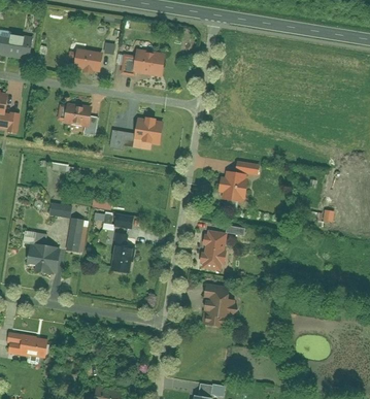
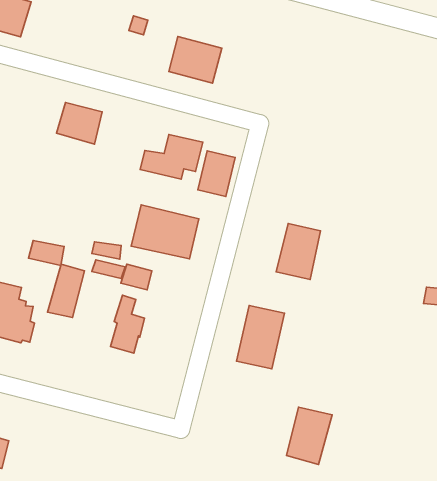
building: [73,48,103,72] -> none
building: none -> [198,151,235,197]
building: none -> [131,205,199,259]
building: [202,294,231,332] -> [286,407,332,465]

